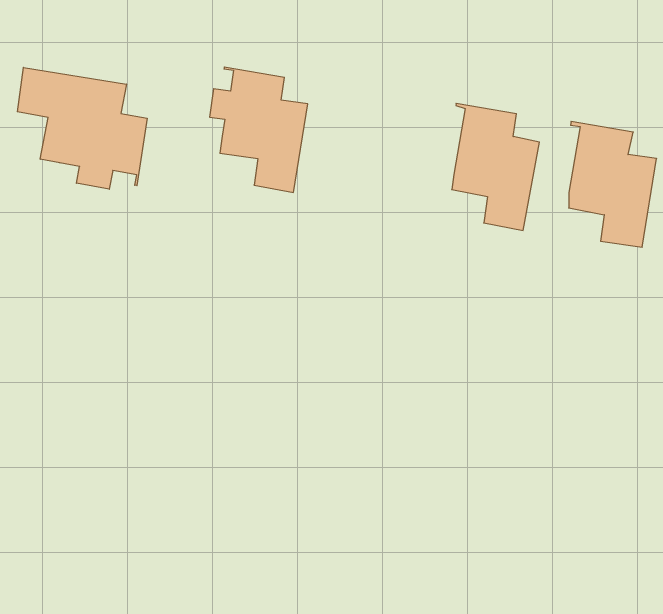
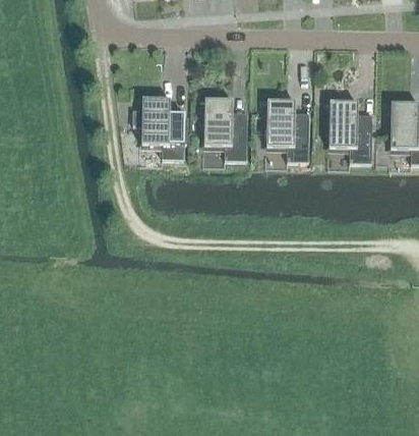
building: [17,67,147,189] -> none
building: none -> [199,100,247,161]

